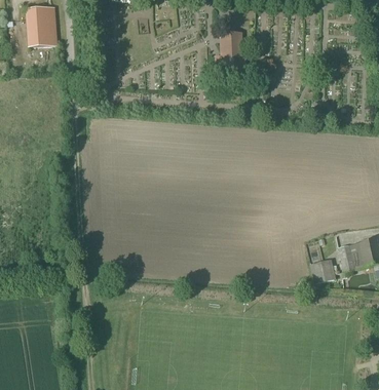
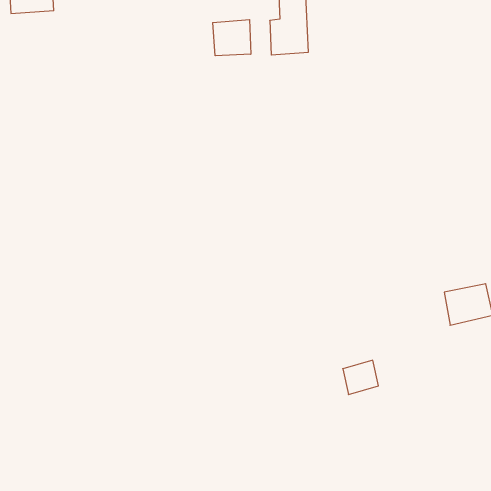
building: none -> [213,20,251,56]
building: [310,257,336,281] -> [343,360,378,395]

